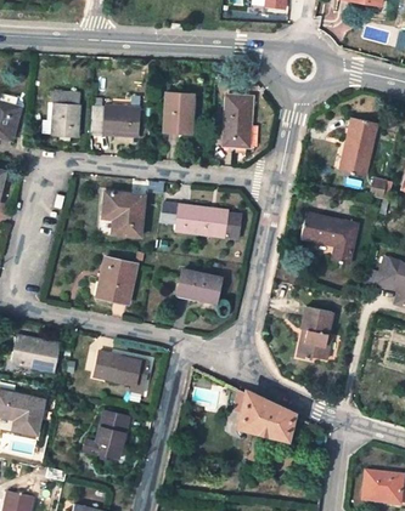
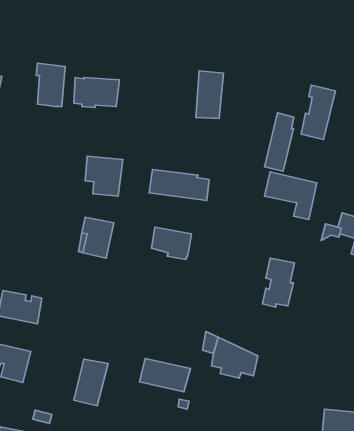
building: [164,97,195,138] -> none
building: none -> [264,113,294,171]
building: [91,357,147,393] -> [140,359,191,392]

